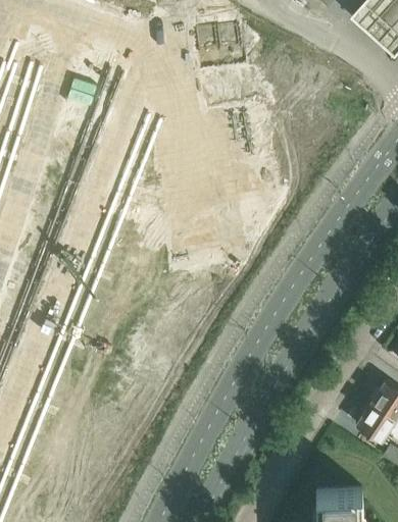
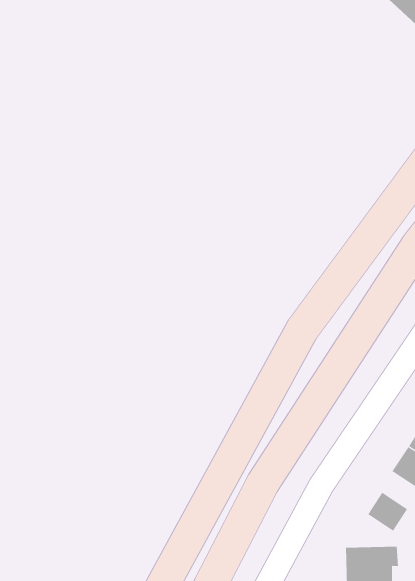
building: none -> [367,492,408,531]

